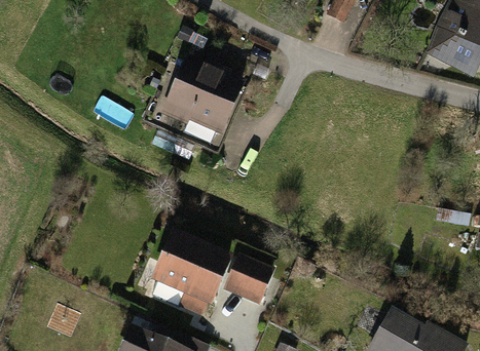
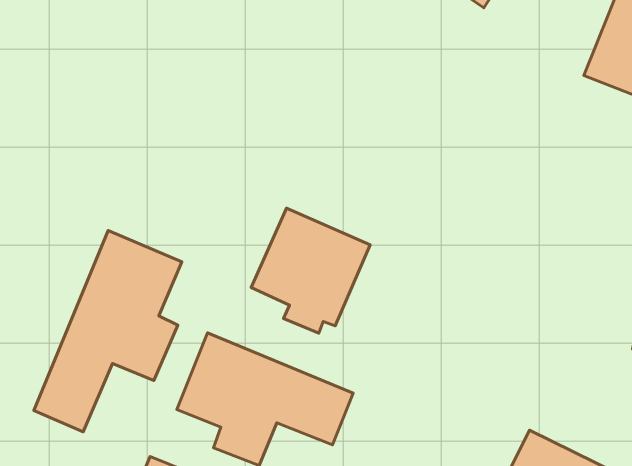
building: [161,55,245,143] -> [251,208,370,333]
building: none -> [34,230,182,432]

